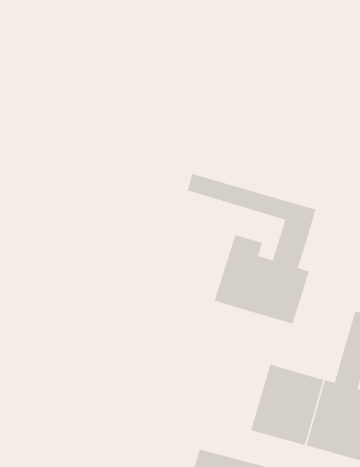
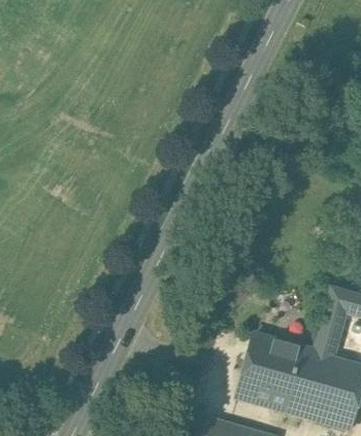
building: [187,173,316,325] -> none

